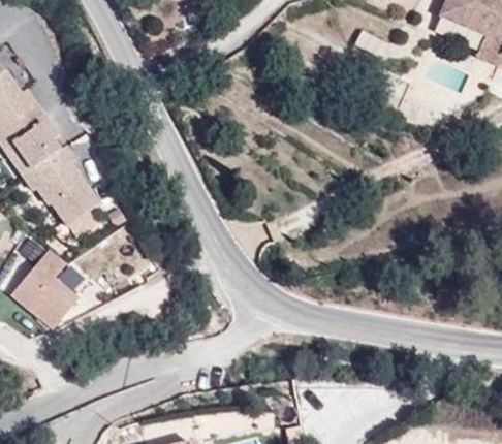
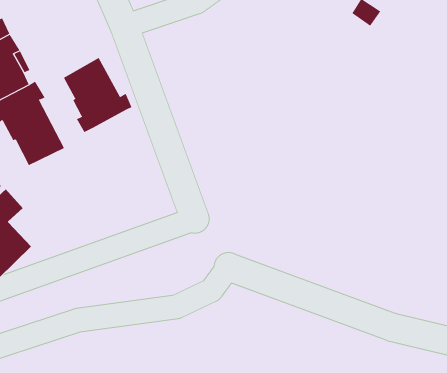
building: none -> [63,57,132,133]

